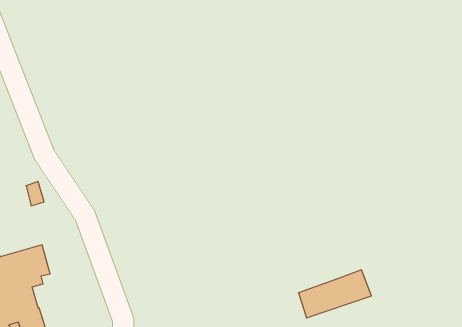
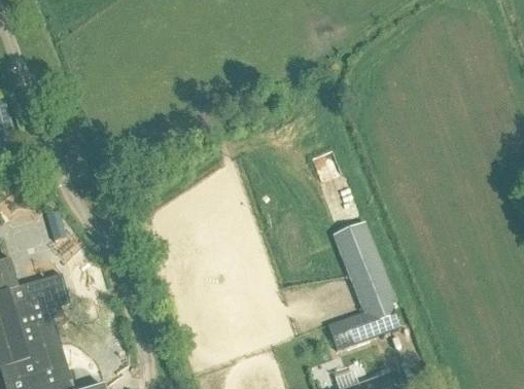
building: none -> [335,221,392,308]

